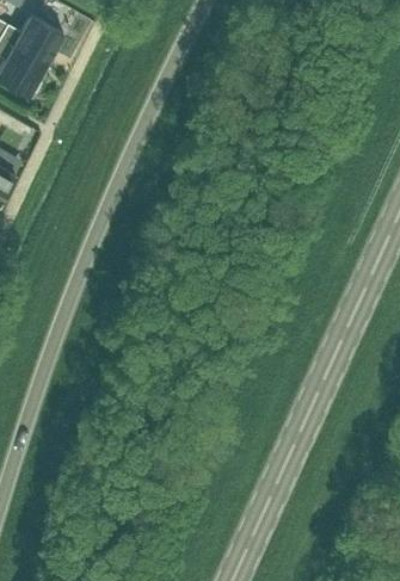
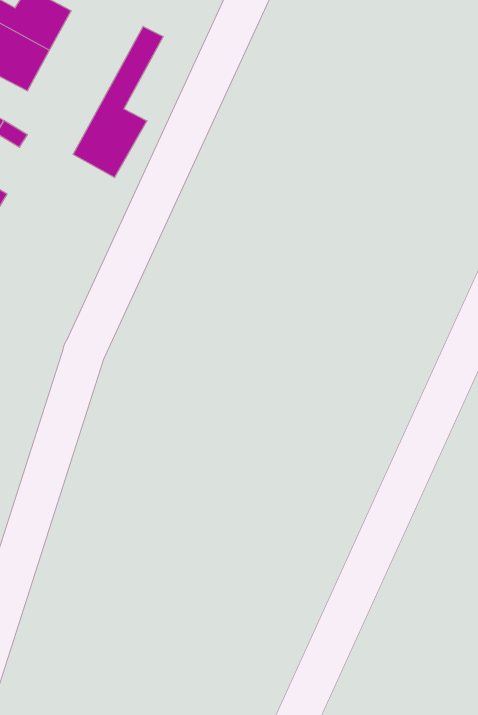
building: none -> [73,26,163,178]

